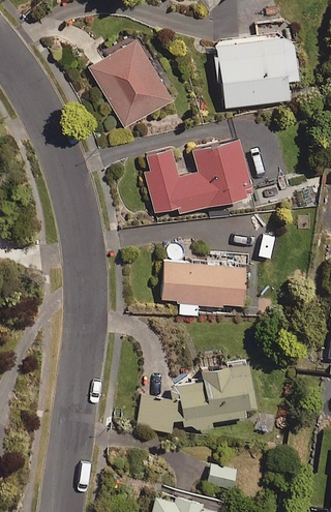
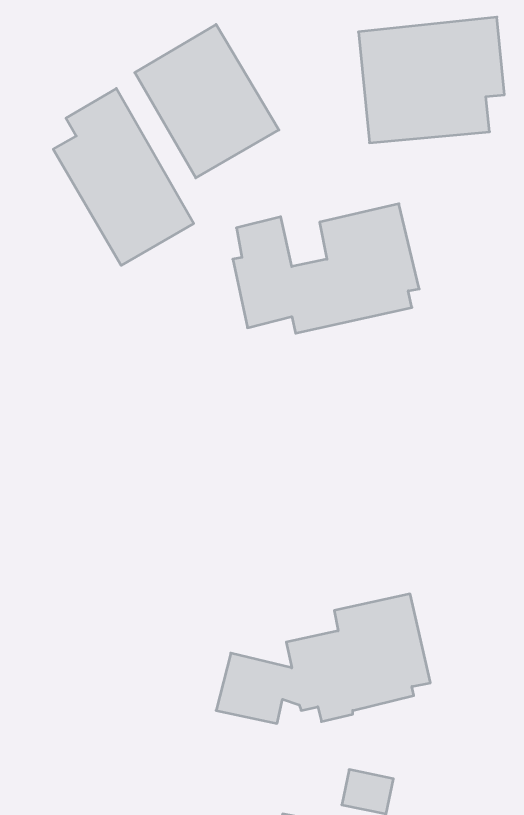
building: none -> [53,88,194,265]
building: [163,253,248,317] -> none

